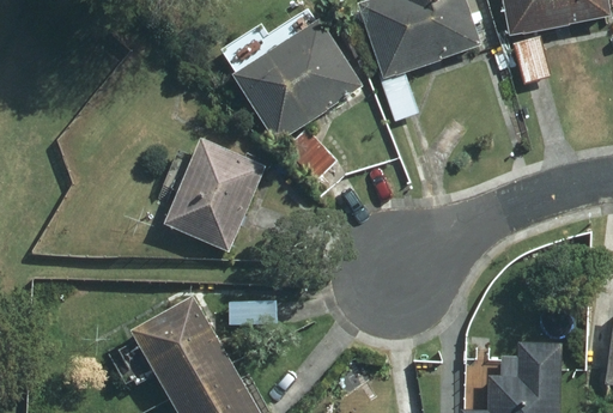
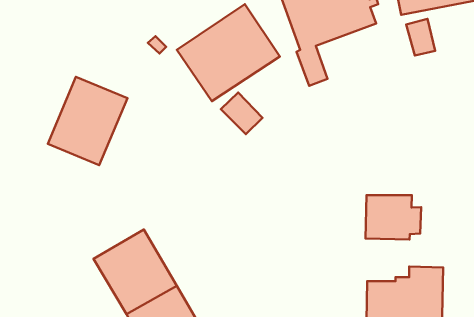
building: [164,140,262,249] -> [48,77,127,165]
building: none -> [366,195,421,239]

